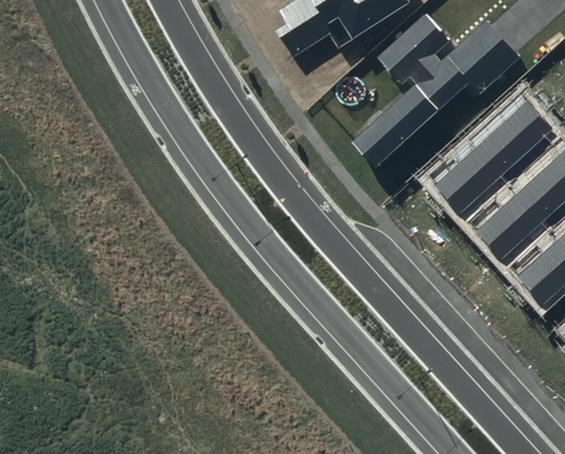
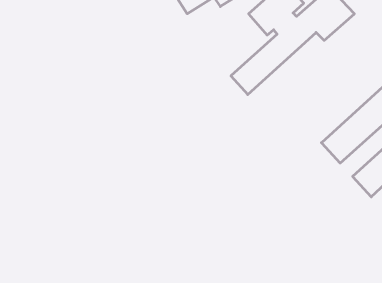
building: [435,100,553,213] -> none

